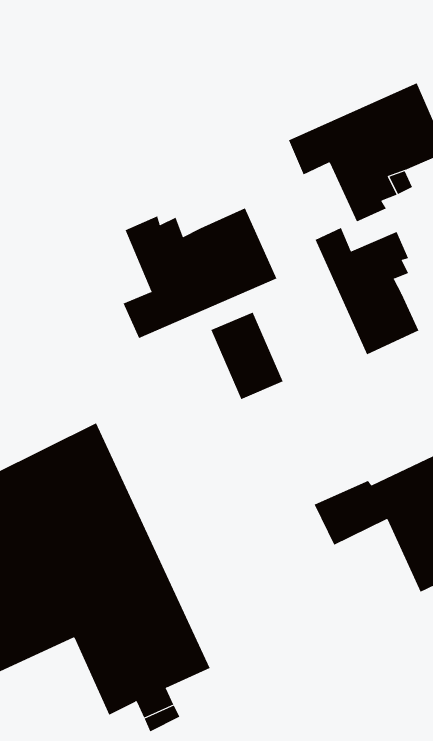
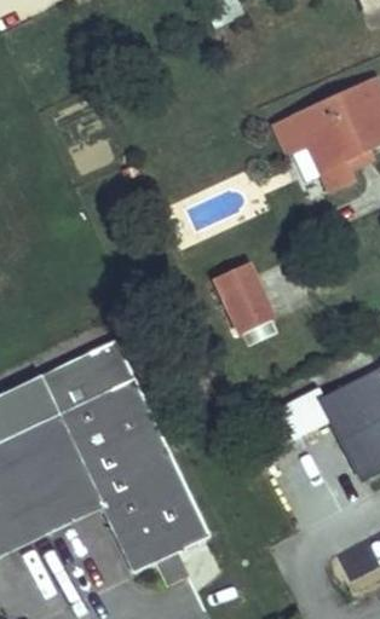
building: [123,207,277,339] -> none
building: [315,227,419,355] -> none

